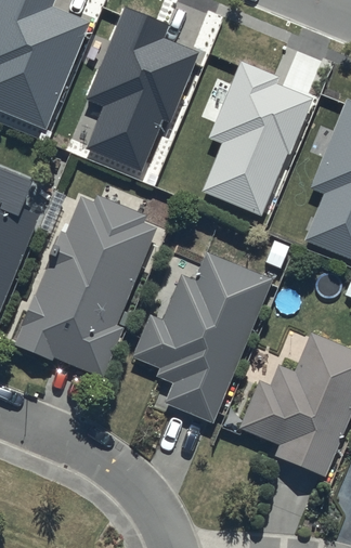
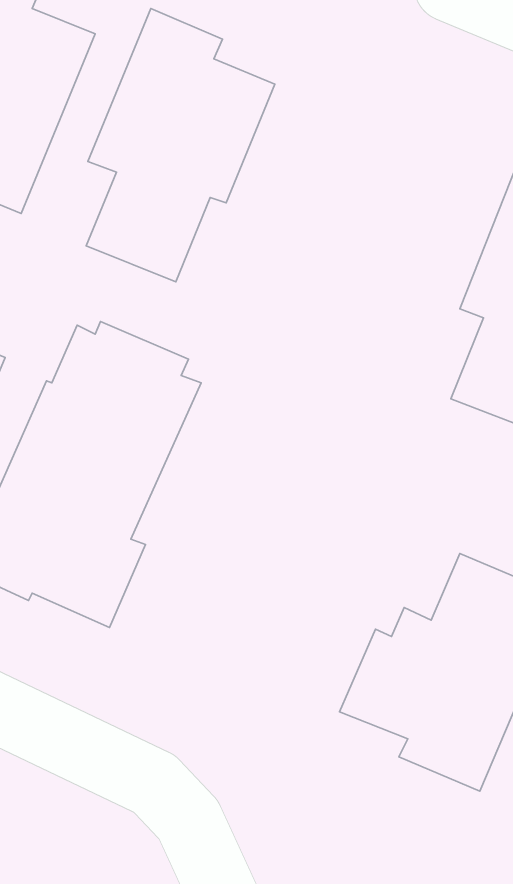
building: [200,61,313,217] -> none
building: [131,251,271,425] -> none

